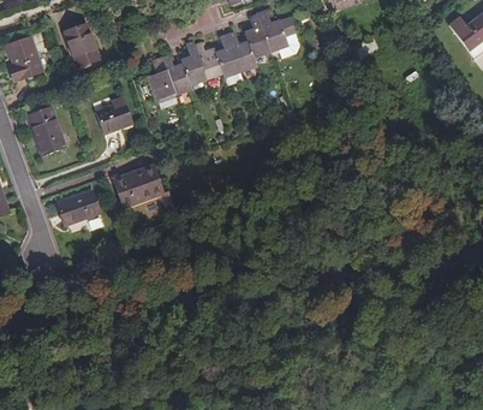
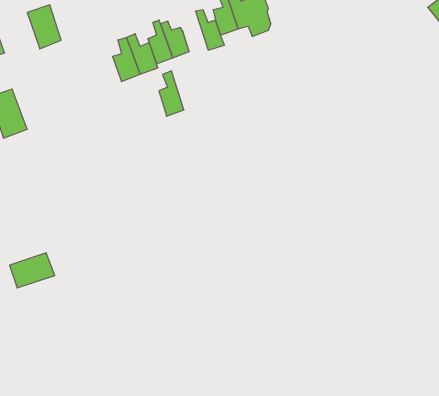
building: [215,31,239,75] -> [159,71,184,116]
building: [96,97,131,131] -> none
building: [123,164,163,202] -> none
building: [58,188,101,221] -> [10,253,55,288]

